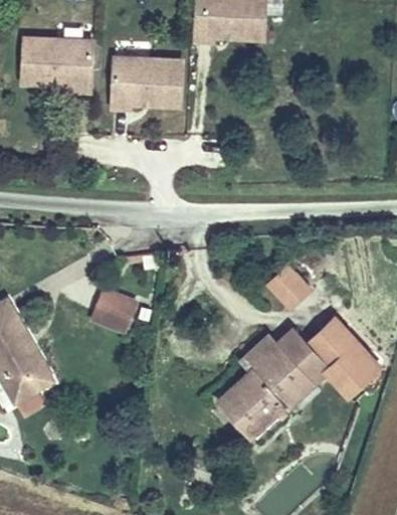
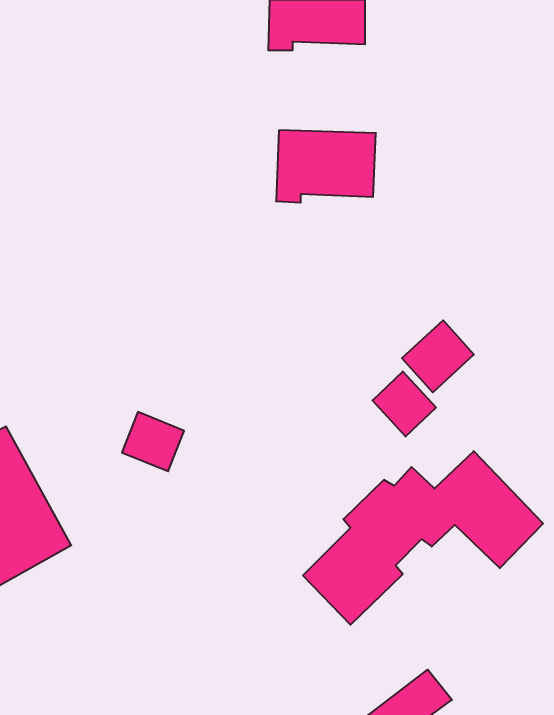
building: [21,38,89,91] -> none
building: [111,56,180,107] -> [276,130,376,203]
building: none -> [402,320,474,392]

